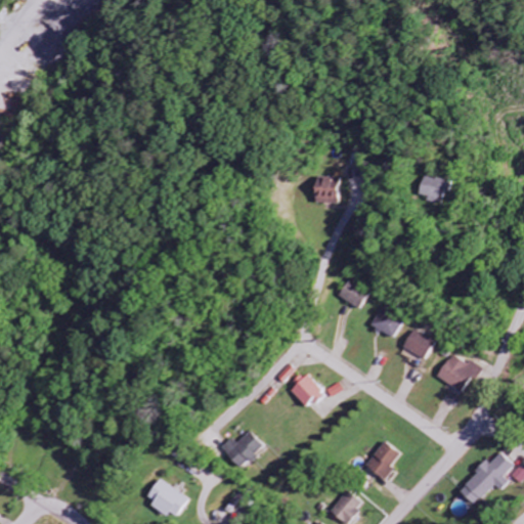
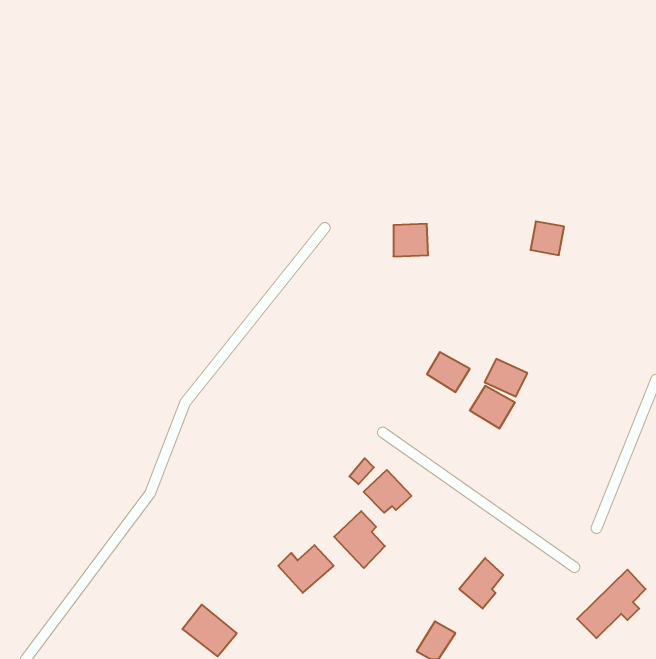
building: [402,330,436,359] -> [485,359,527,397]
building: [436,353,481,391] -> none
building: none -> [334,511,385,568]

